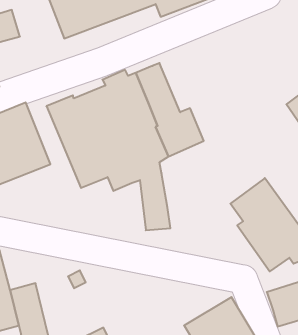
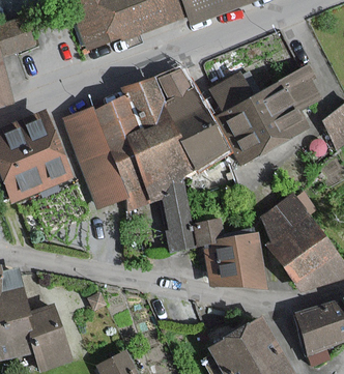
building: none -> [209,71,314,164]
building: none -> [193,221,265,287]

